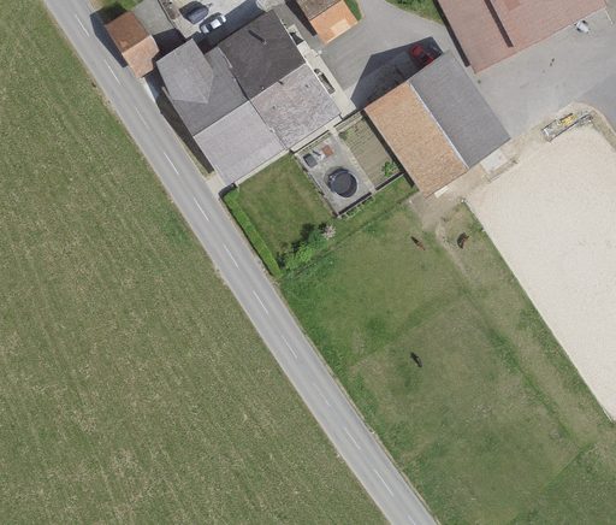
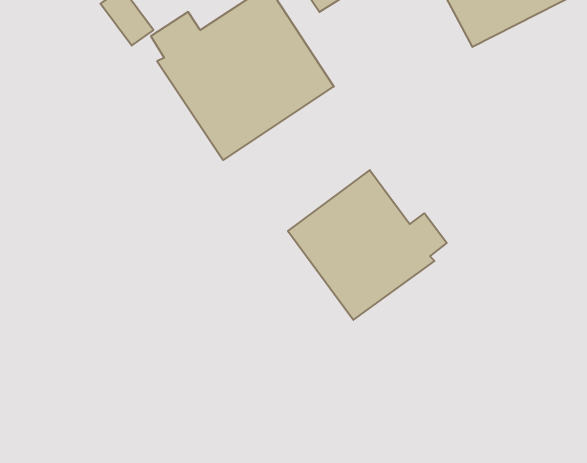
building: [366,53,505,193] -> none
building: none -> [288,170,447,320]

